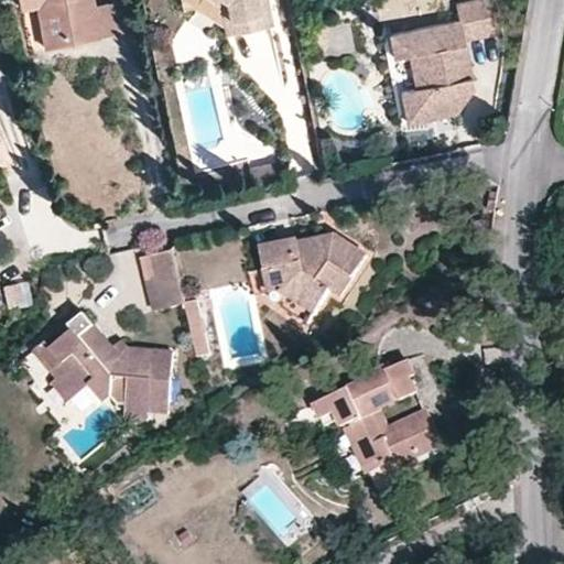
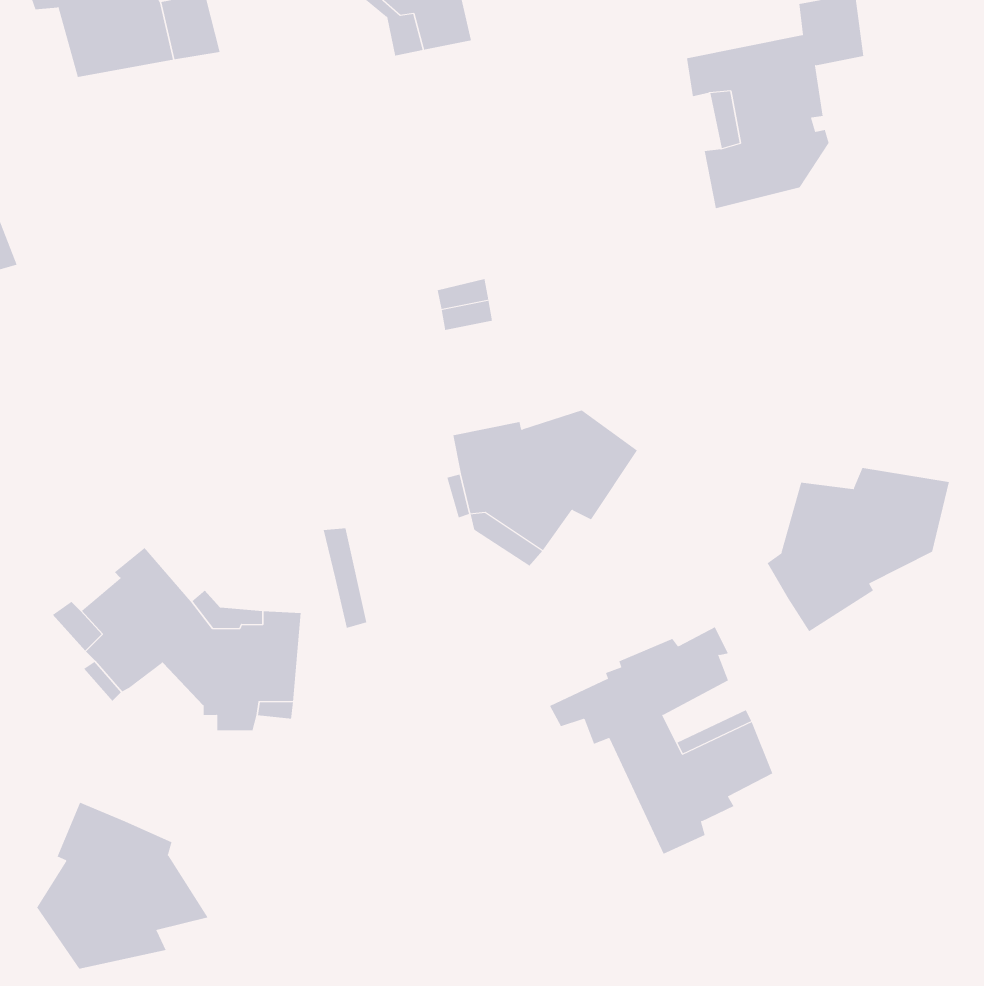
building: [137,246,183,307] -> none
building: none -> [767,467,949,632]
building: none -> [37,802,208,969]

